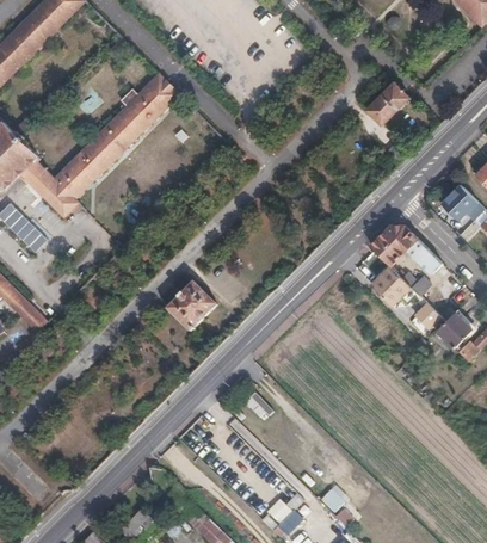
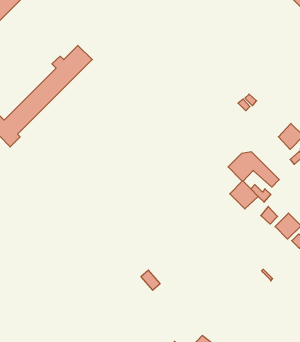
building: [366,81,411,124] -> none
building: [166,282,216,333] -> none

